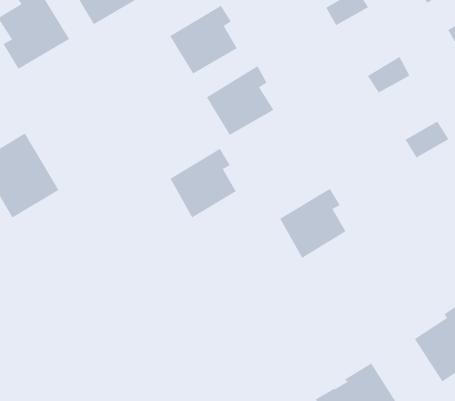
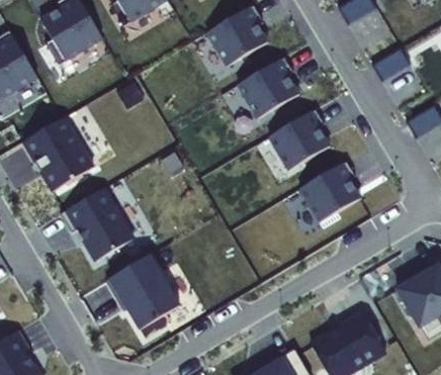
building: [169,148,237,219] -> [254,114,312,175]
building: none -> [64,187,143,263]
building: none -> [105,248,178,326]

